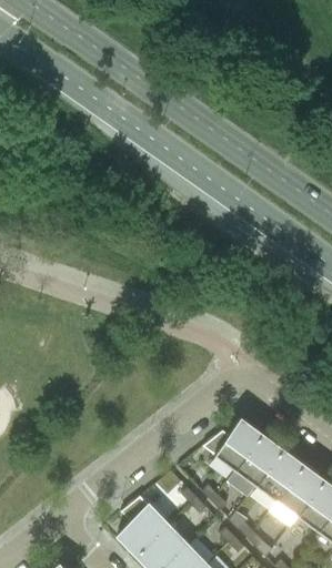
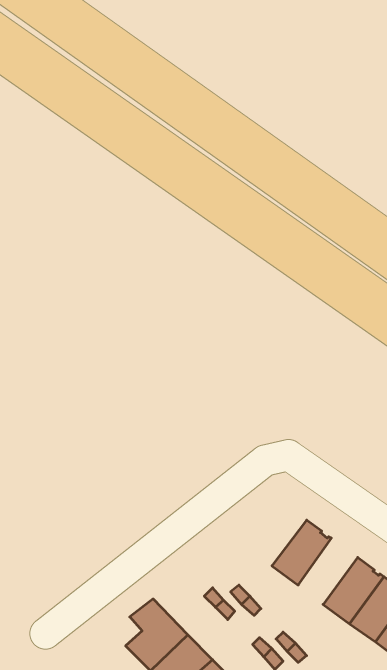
building: [205,418,265,471] -> none
building: [259,449,306,503] -> none

